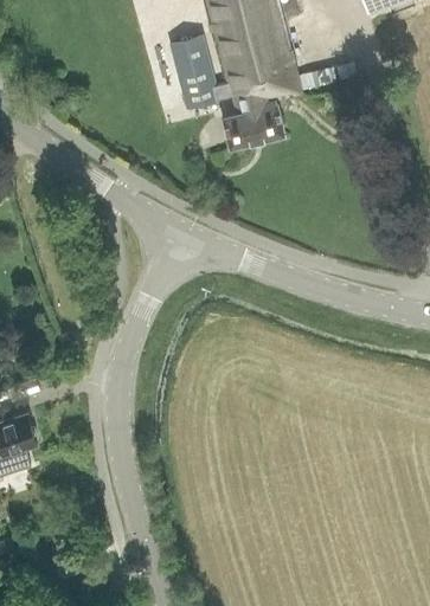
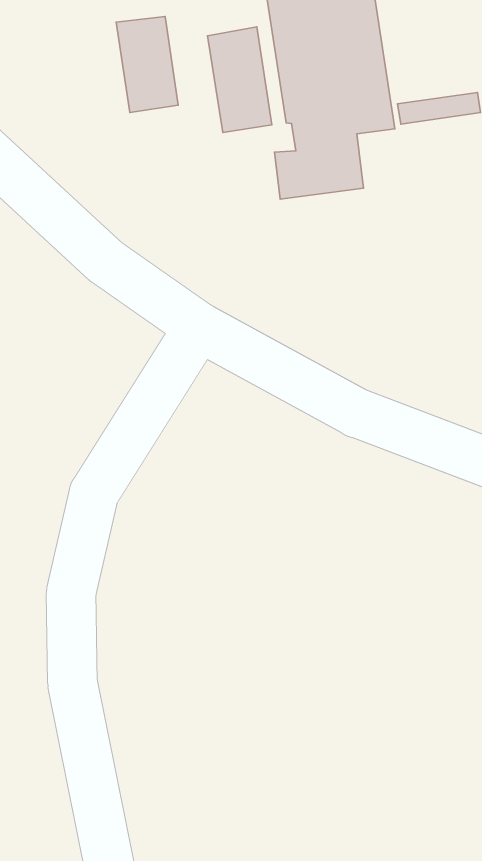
building: none -> [116,16,178,113]

